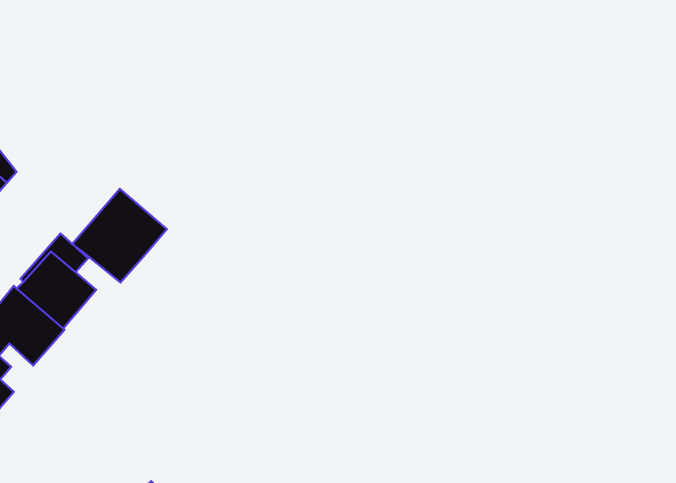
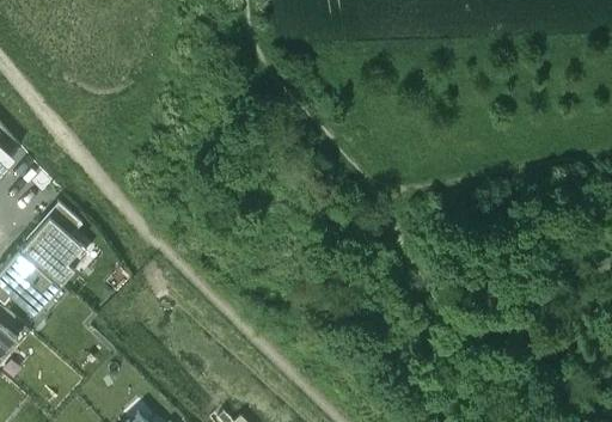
building: [72,189,167,283] -> none

